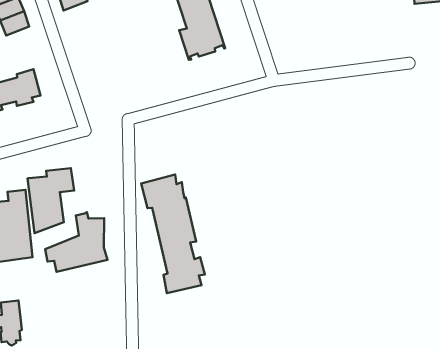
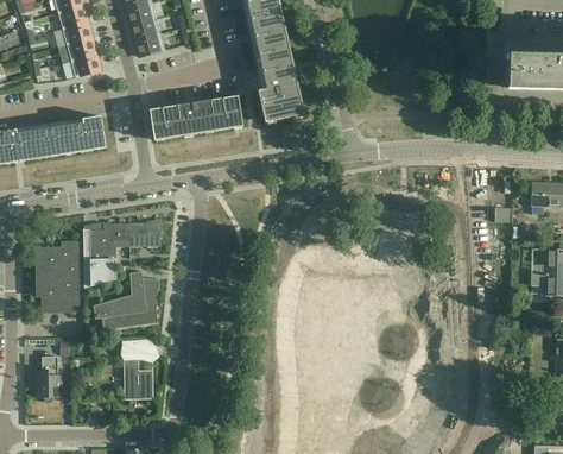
building: none -> [148,94,242,138]
building: none -> [128,221,159,246]
building: [141,174,205,293] -> none
building: none -> [122,341,152,398]

